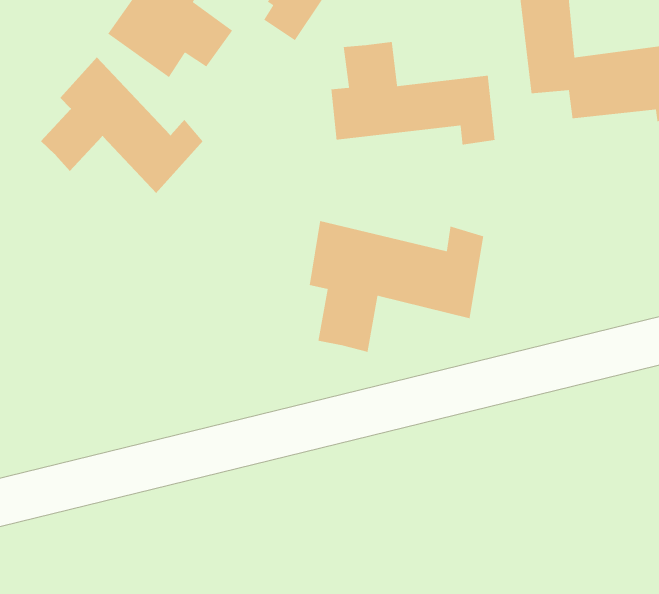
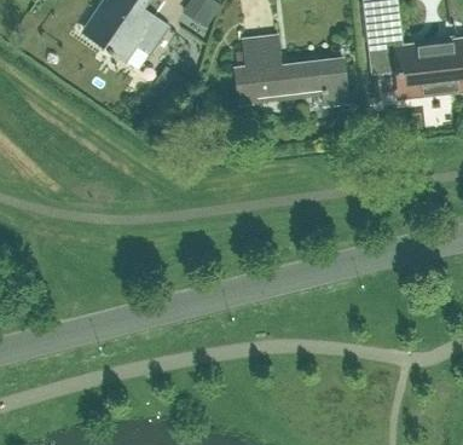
building: [40,57,204,194] -> none
building: [309,220,484,353] -> none

